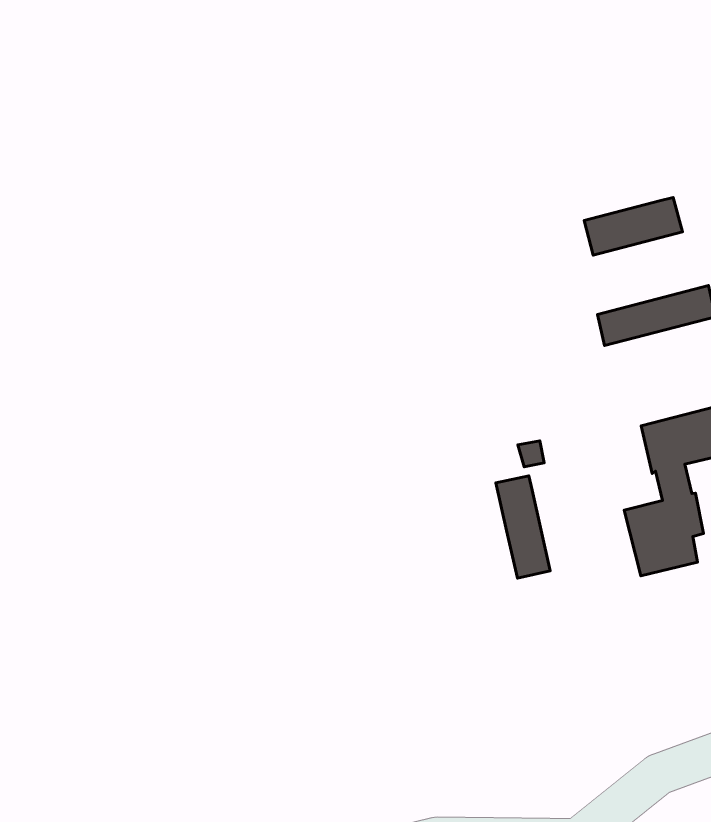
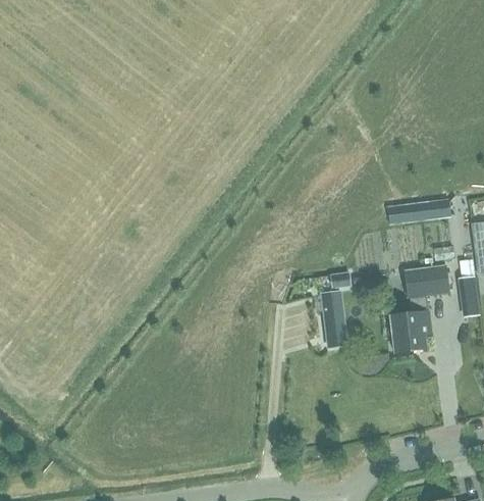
building: [584,197,682,255] -> none

